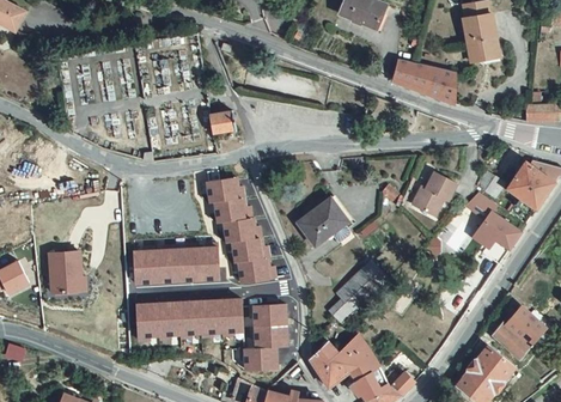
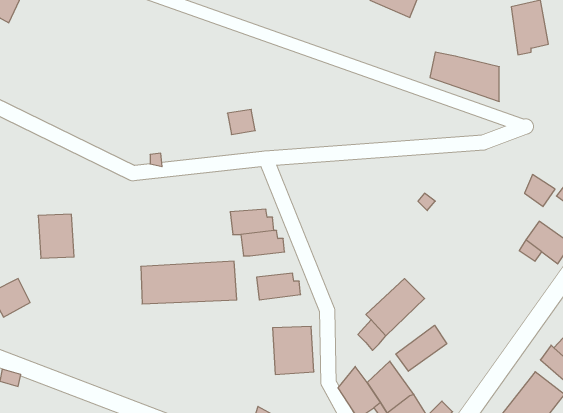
building: [410,175,455,219] -> none
building: [206,179,245,203] -> none
building: [298,199,348,245] -> none
building: [231,238,270,261] -> none
building: [49,252,81,292] -> [38,214,74,258]
building: [135,298,243,342] -> none
building: none -> [396,325,447,371]
building: [243,347,276,370] -> none

